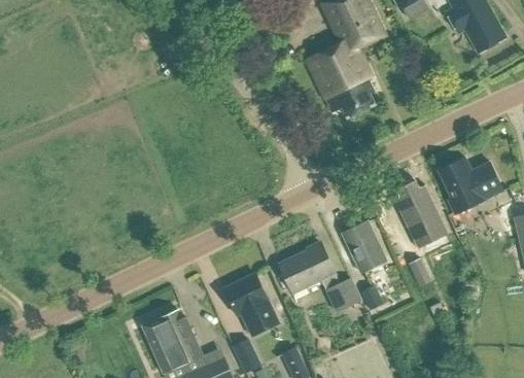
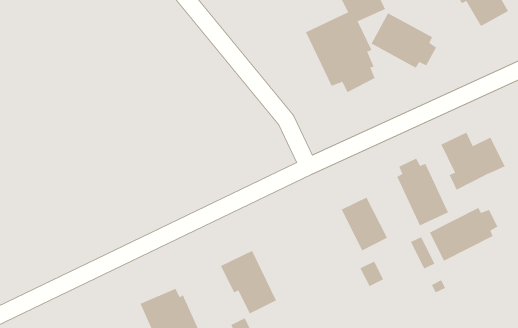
building: none -> [371,12,437,68]
building: none -> [429,207,498,261]
building: [280,242,362,312] -> none

